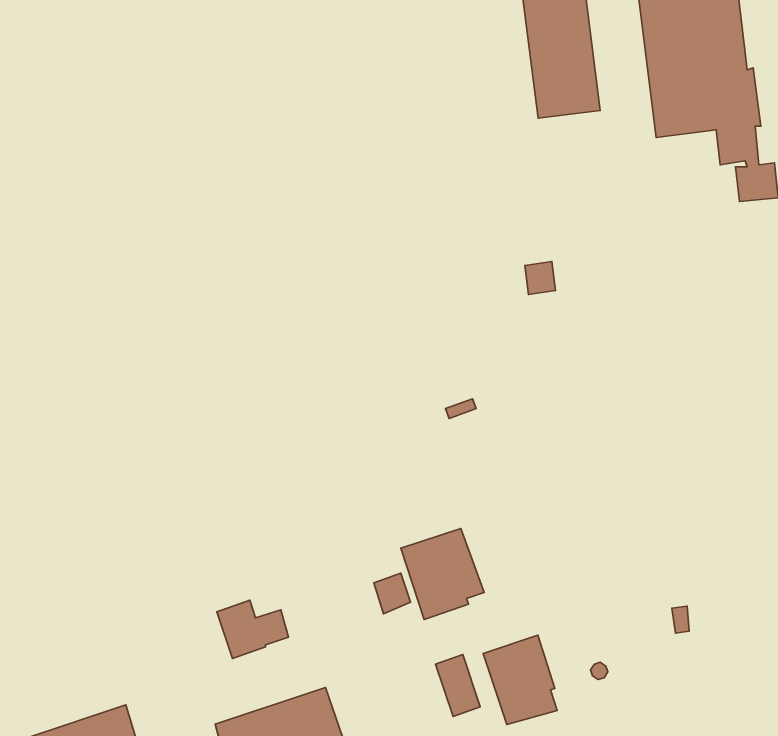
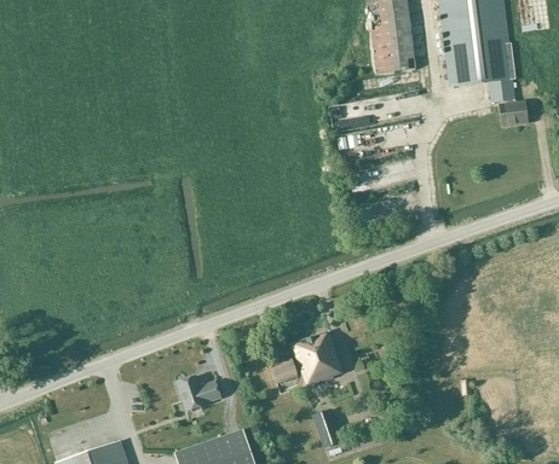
building: [483,635,557,724] -> none

